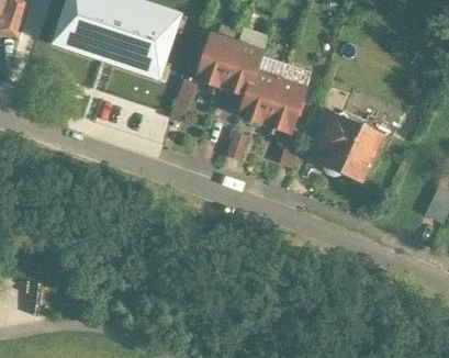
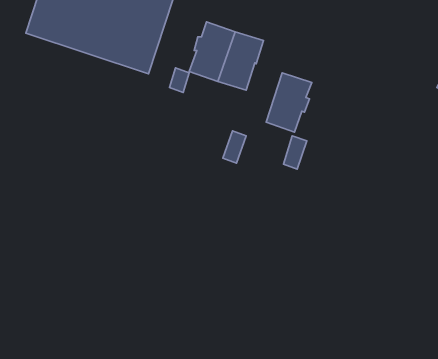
building: [240,69,279,122] -> none
building: [318,112,382,180] -> none

